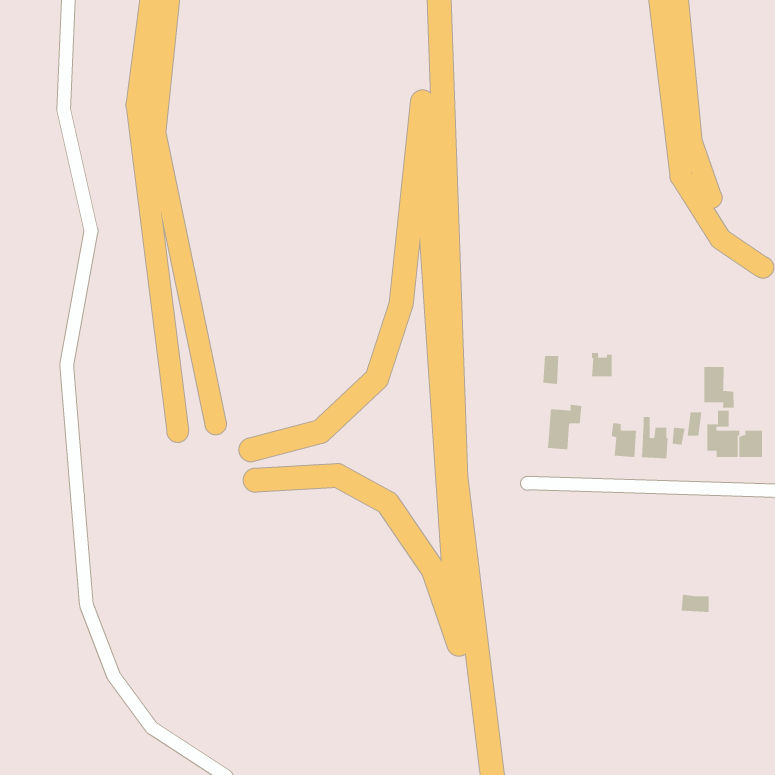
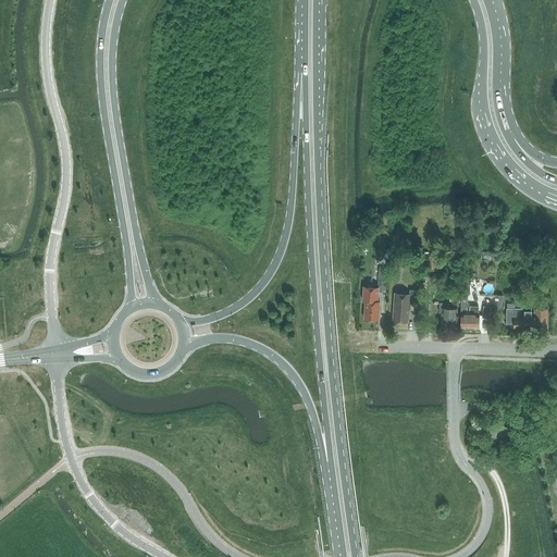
building: [704,366,734,409] -> none
building: none -> [361,277,385,321]

